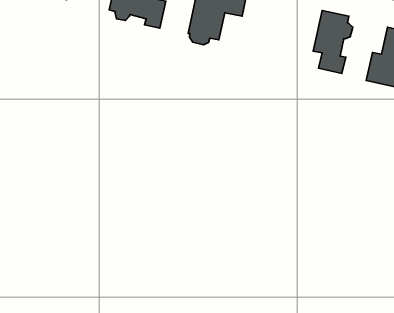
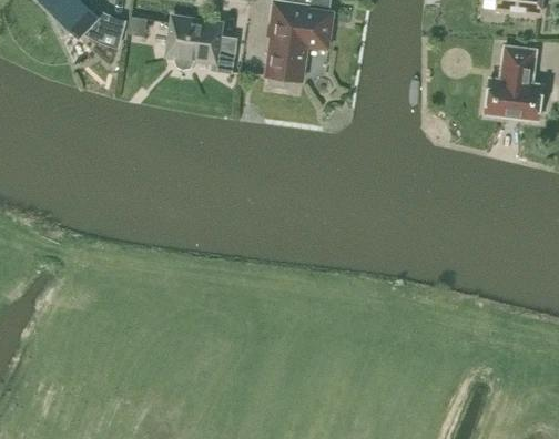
building: [313,10,353,74] -> none

